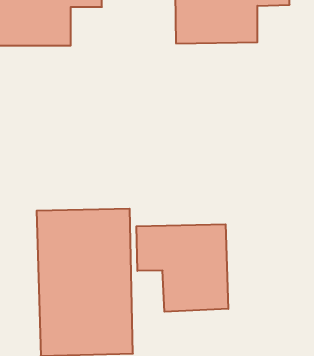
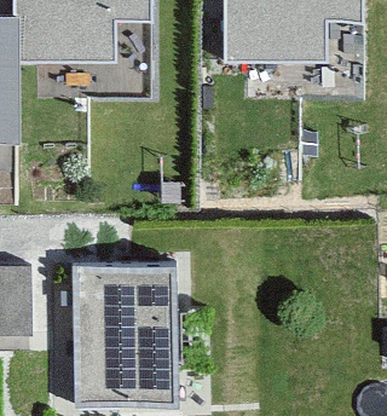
building: [136,224,228,312] -> none

